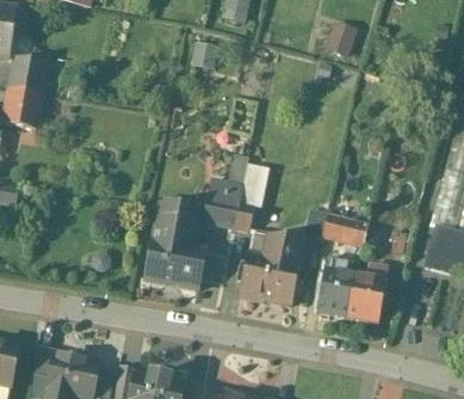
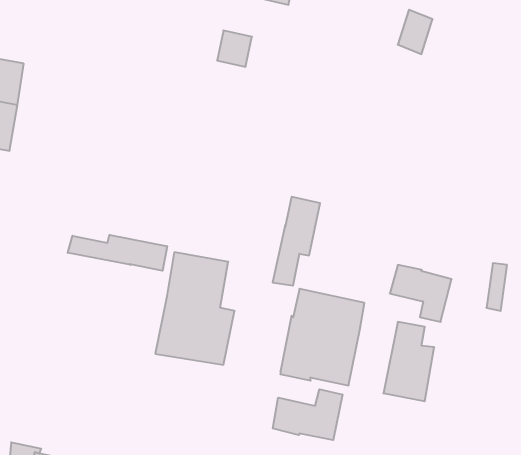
building: [203,179,242,228] -> none
building: none -> [68,235,167,271]
building: [347,265,388,324] -> none
building: none -> [273,389,342,440]

